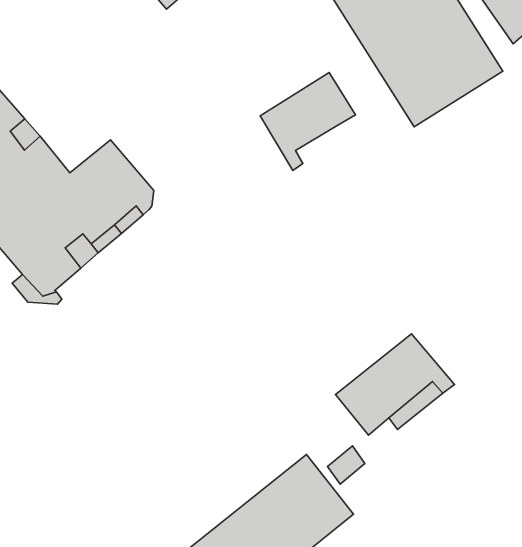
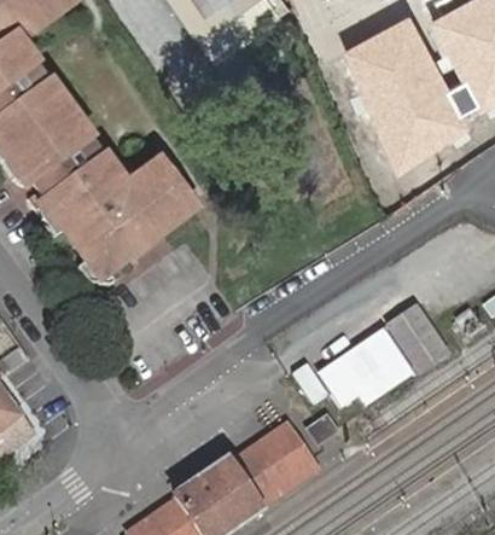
building: [260,72,356,170] -> none
building: none -> [388,304,448,371]

